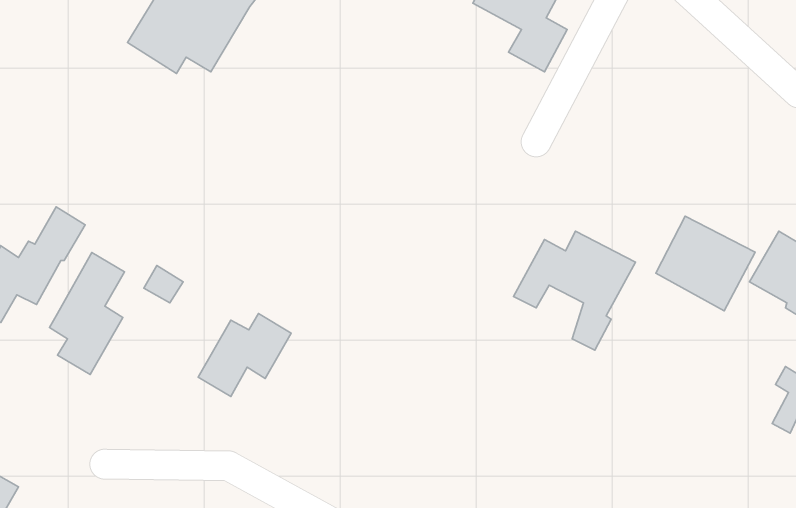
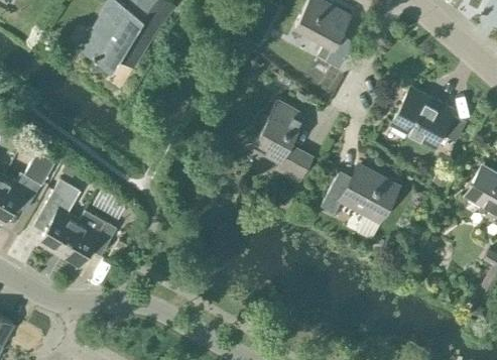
building: none -> [251,101,314,184]
building: [656,216,755,311] -> [392,88,454,146]
building: [198,314,291,397] -> [58,216,116,267]

